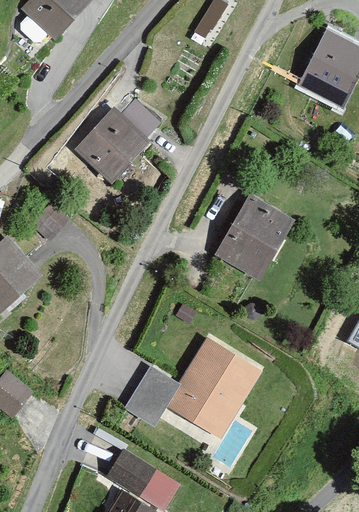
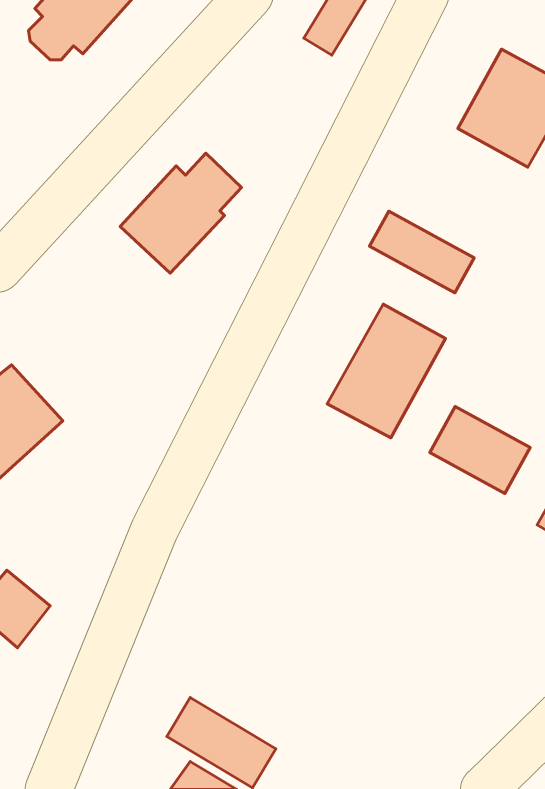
building: none -> [369,211,474,293]
building: none -> [430,406,530,494]
building: [125,336,264,440] -> none

